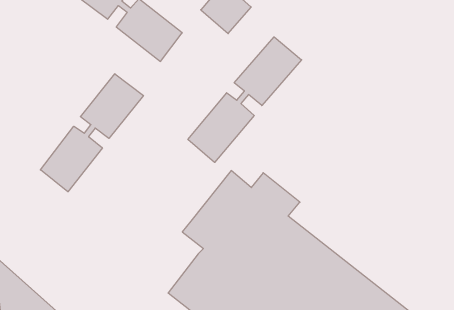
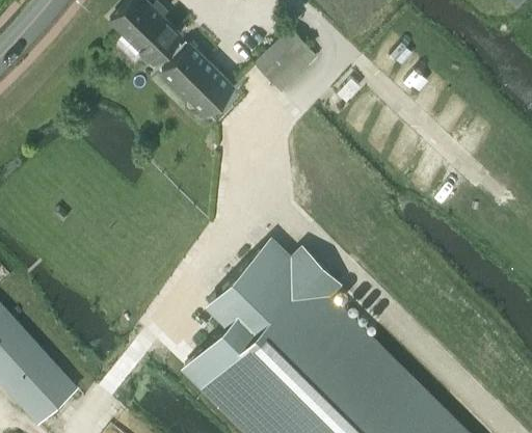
building: [188,37,302,162] -> none
building: [40,74,143,192] -> none

